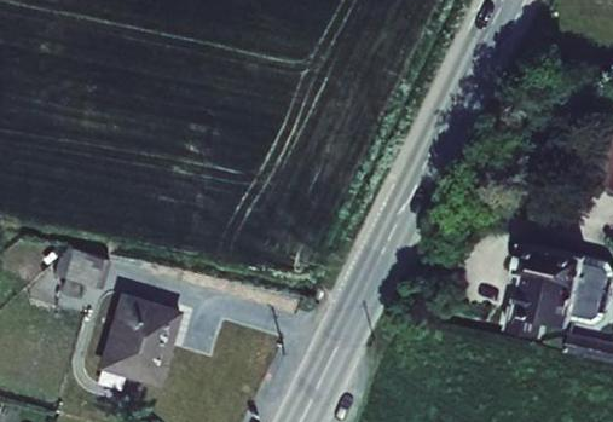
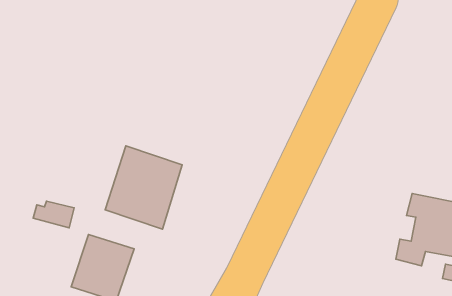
building: none -> [105,146,182,229]

